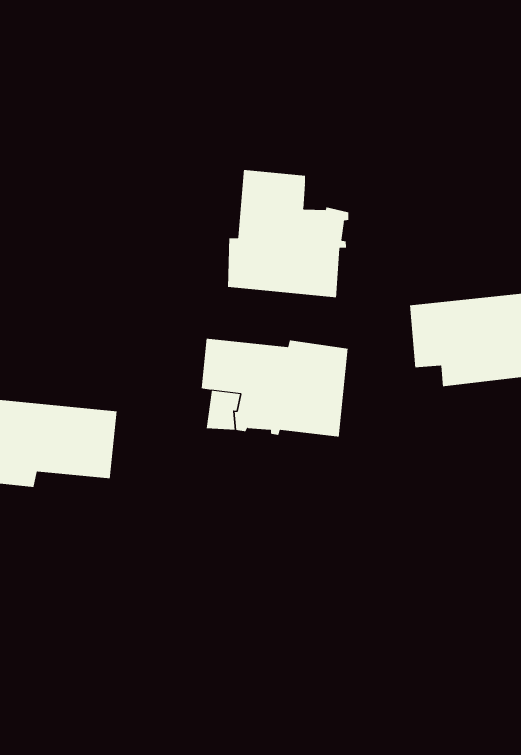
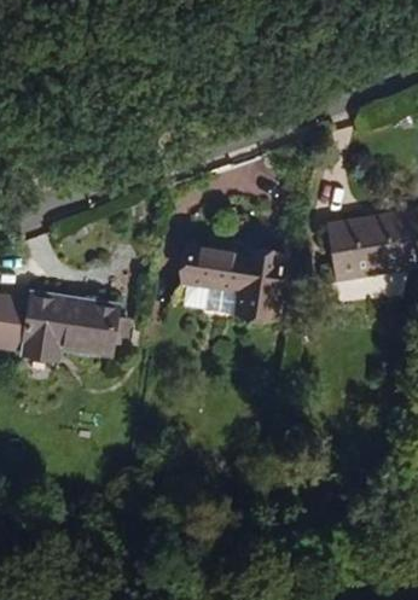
building: [228,169,349,298] -> none

